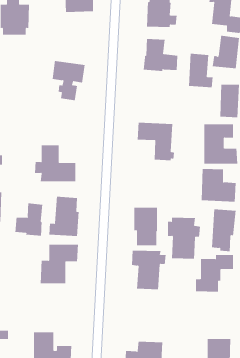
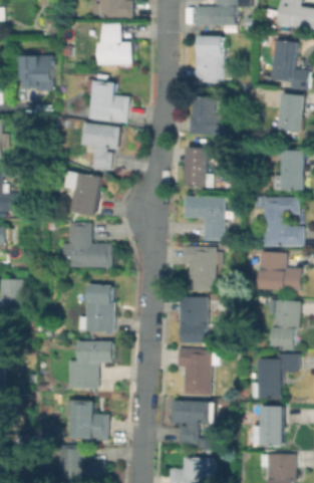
building: none -> [87,73,129,125]
building: [188,53,213,88] -> [185,147,215,188]
building: none -> [71,173,102,216]
building: [15,202,43,236] -> none
building: [167,217,201,259] -> [182,241,222,291]
building: none -> [69,401,108,441]
building: none -> [172,401,211,445]
building: none -> [255,409,283,447]

